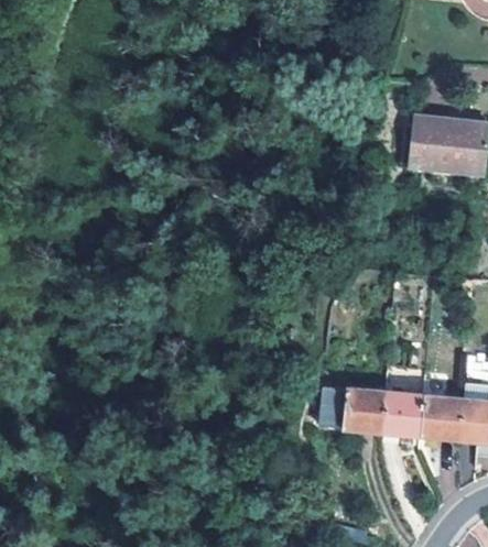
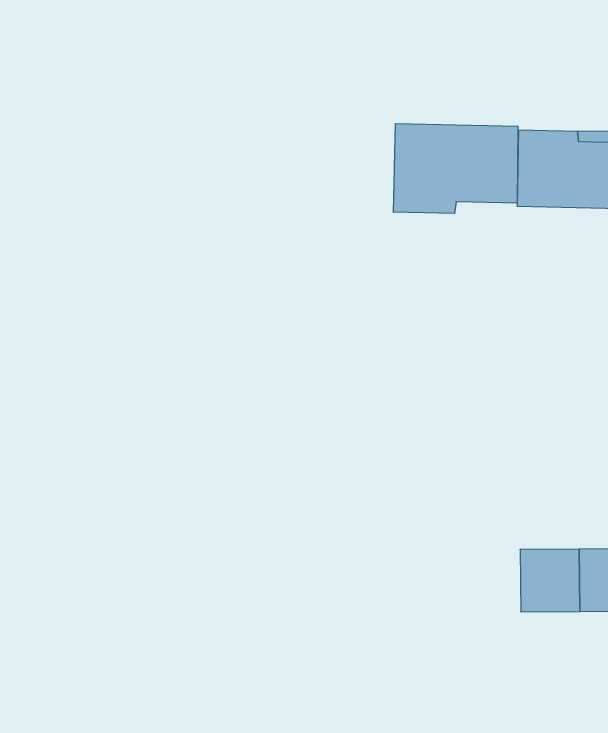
building: none -> [393,124,518,214]
building: [322,385,388,433] -> none

